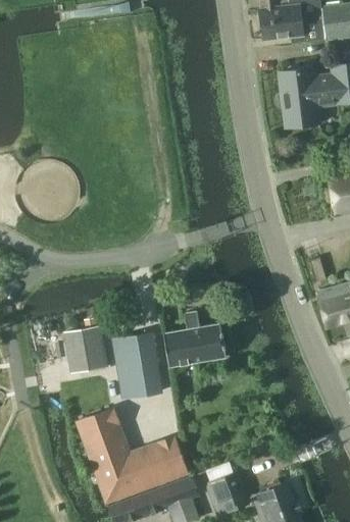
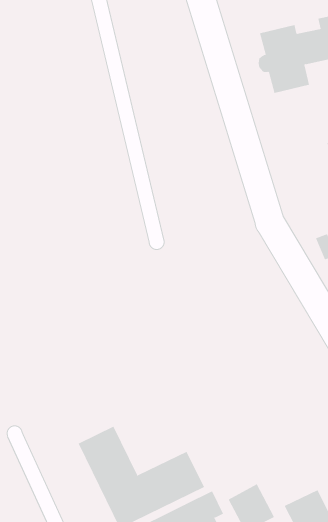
building: [163,310,227,366] -> none
building: [66,326,106,372] -> none
building: [113,332,156,400] -> none

